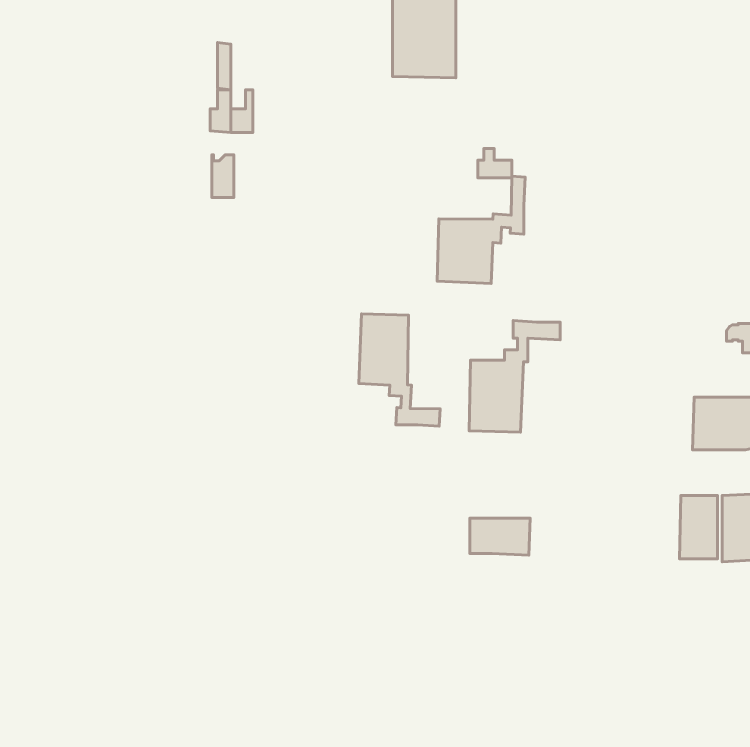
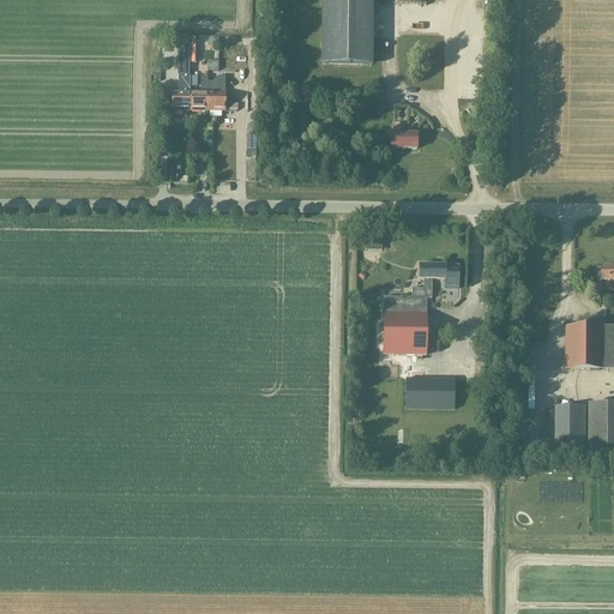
building: [212,155,234,198] -> [207,73,225,108]
building: [437,176,525,283] -> none
building: [359,314,440,426] -> none
building: [470,518,530,555] -> [405,377,455,407]

